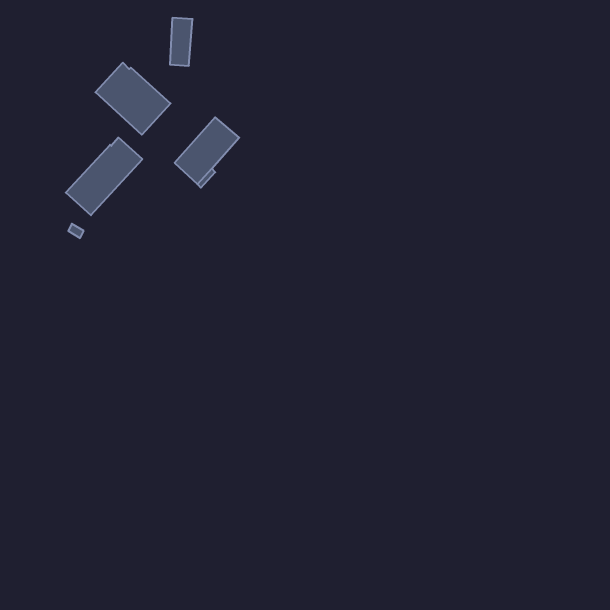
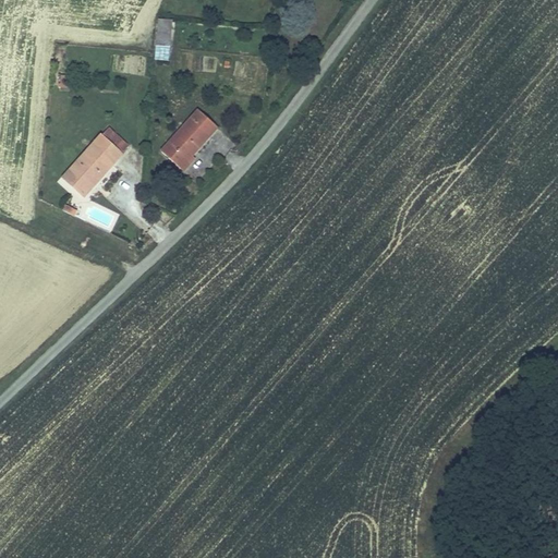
building: [95,63,171,135] -> none

